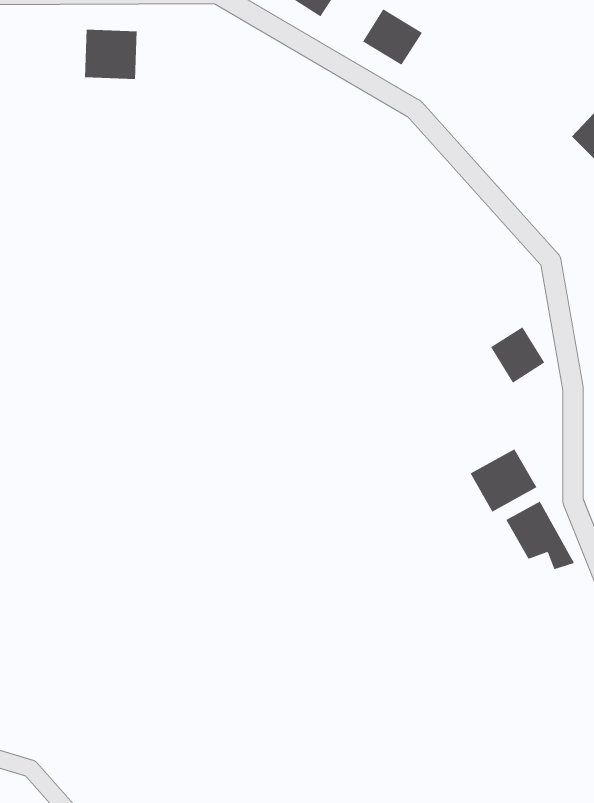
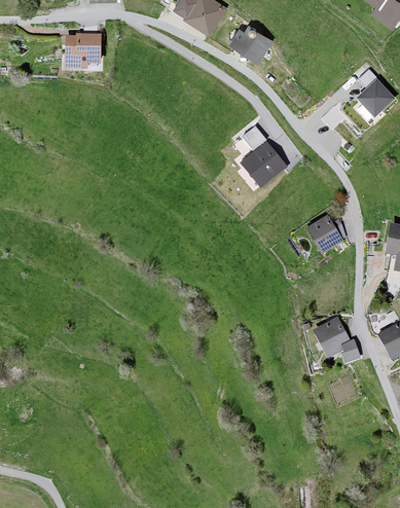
building: none -> [241,130,284,188]
building: [470,448,537,512] -> none

